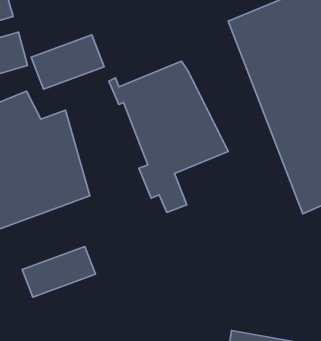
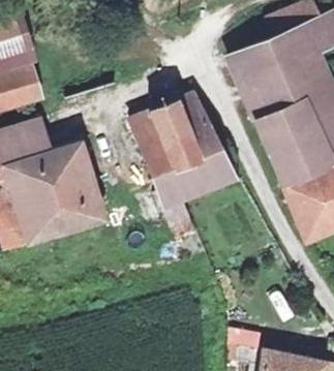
building: [31,35,104,89] -> none
building: [22,247,96,297] -> none

